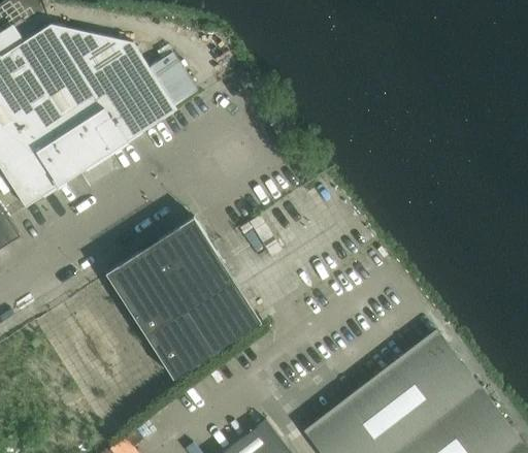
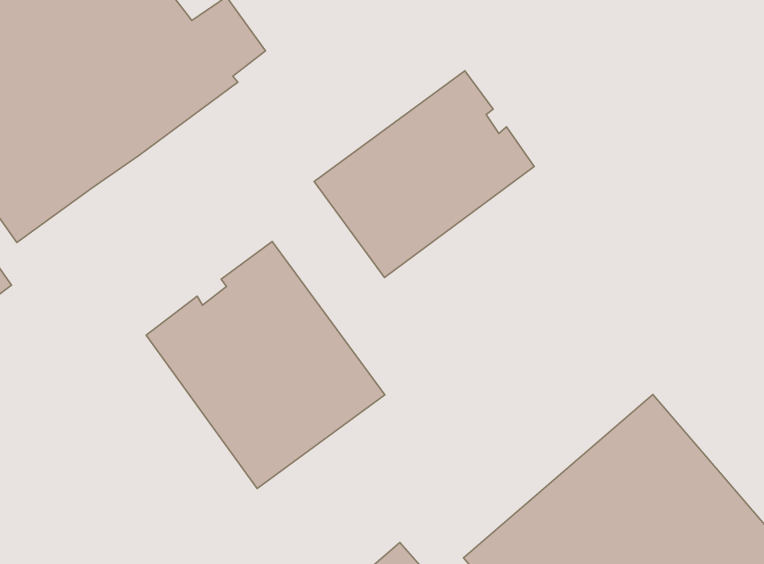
building: none -> [314,71,534,278]

